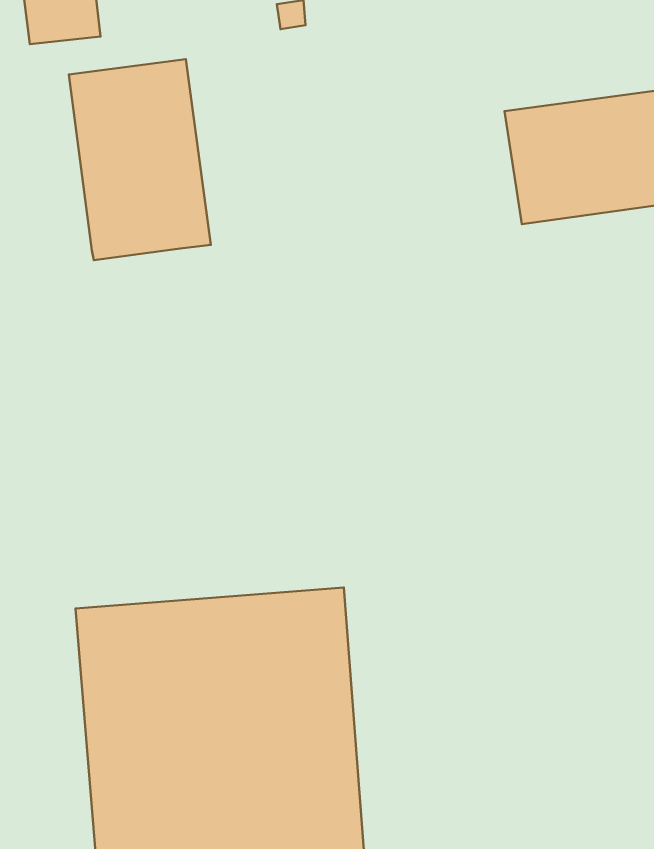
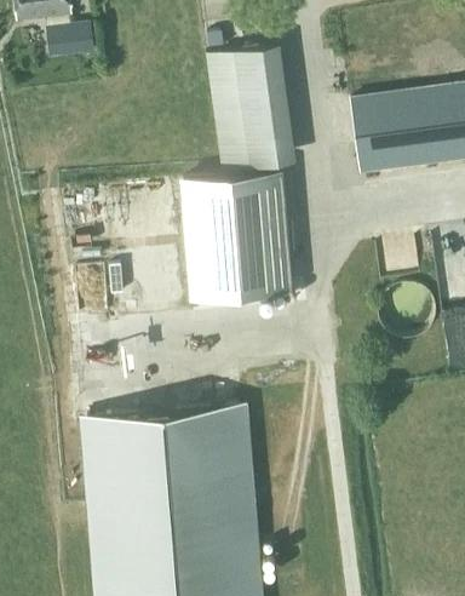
building: [69,59,211,260] -> [206,45,295,172]
building: none -> [183,174,288,298]

